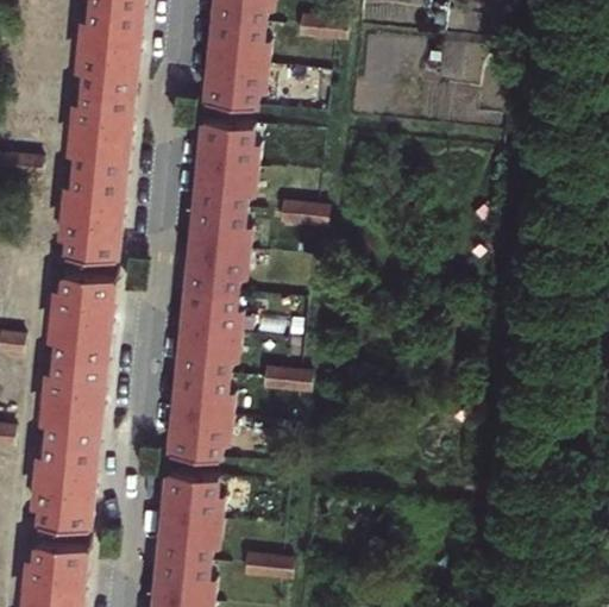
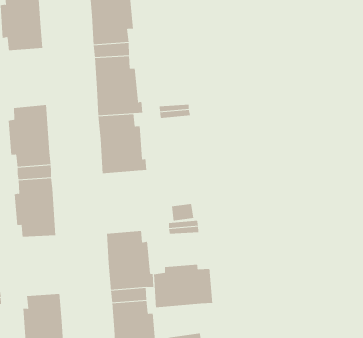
building: [68,87,132,173] -> none
building: [176,284,243,376] -> none
building: [42,355,105,444] -> none
building: none -> [153,264,213,308]

